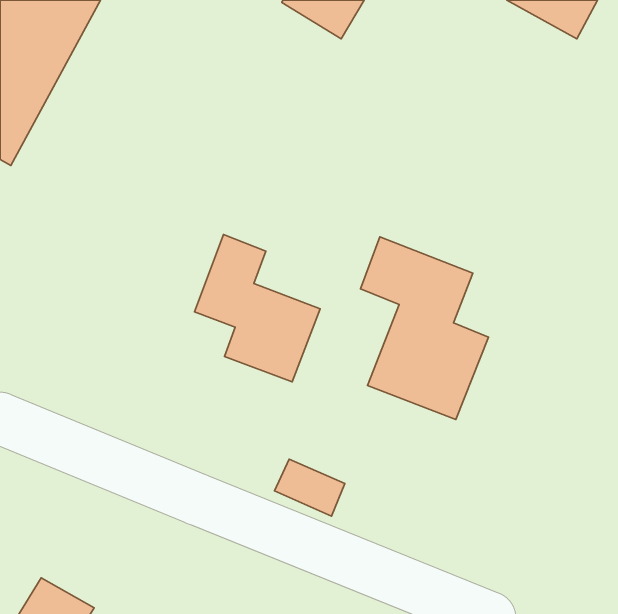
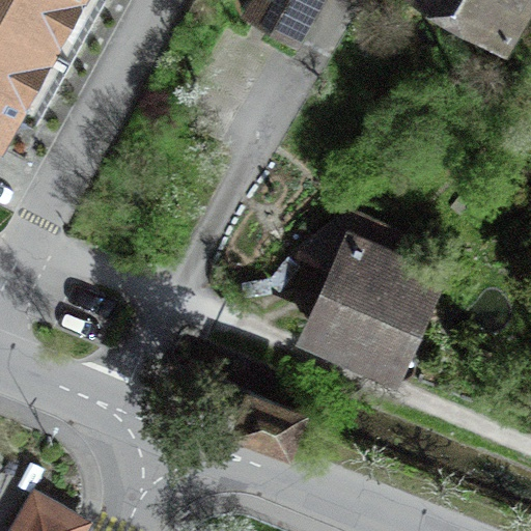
building: [194,234,320,382] -> none

